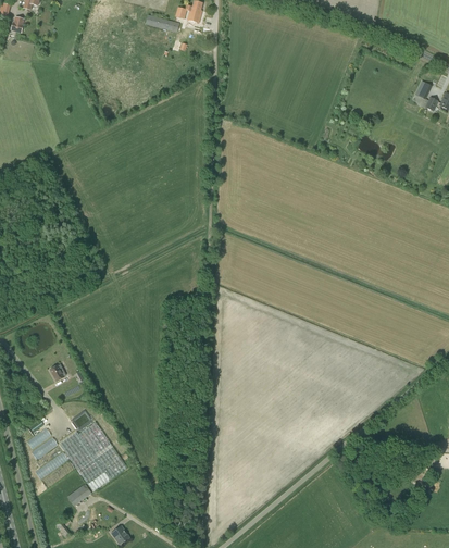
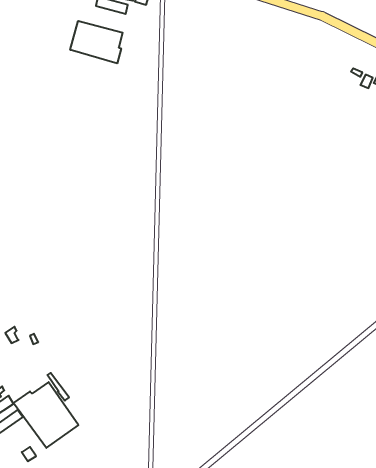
building: none -> [70,21,123,63]

